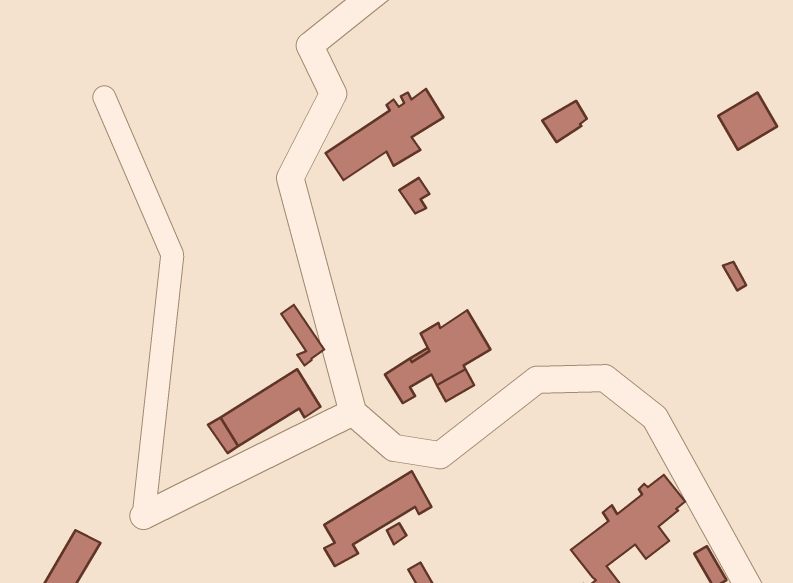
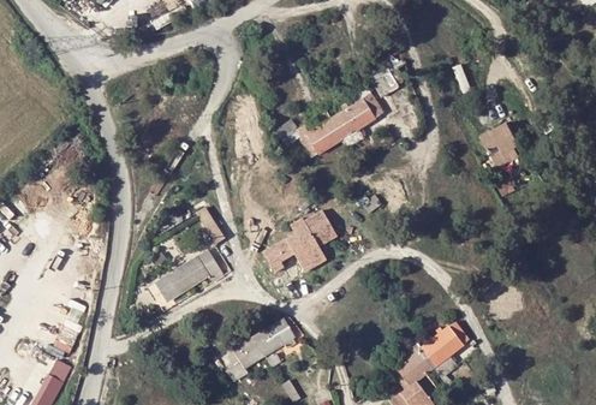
building: [326,89,444,180] -> [300,96,380,157]
building: [718,92,777,150] -> [481,121,520,160]

